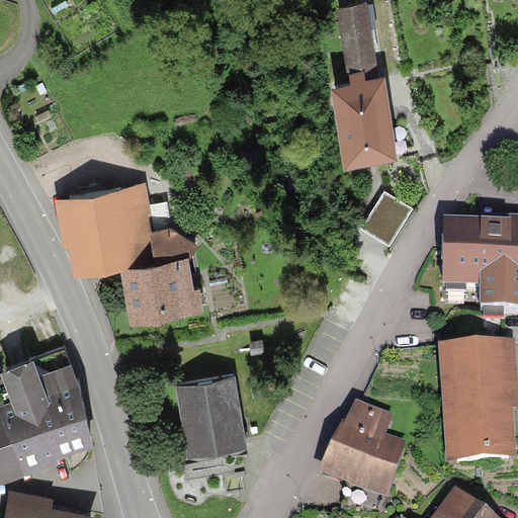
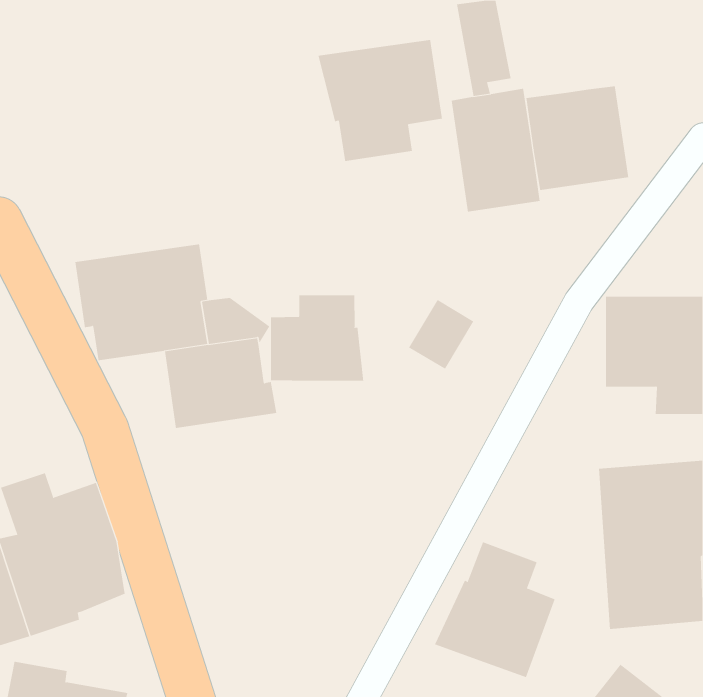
building: none -> [318,39,442,162]
building: none -> [526,86,629,191]
building: [362,193,411,245] -> [408,299,474,370]
building: none -> [270,294,364,382]
building: [174,375,245,457] -> none

